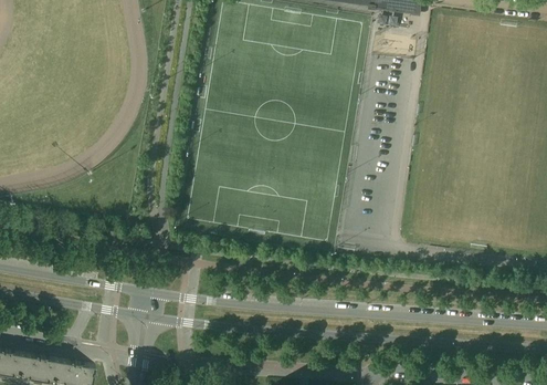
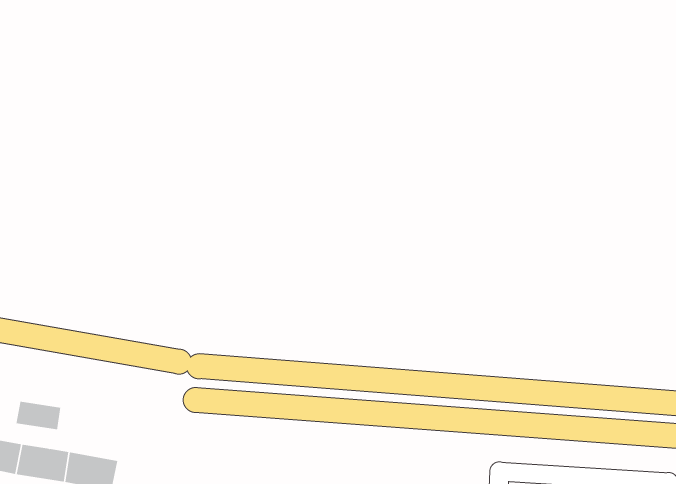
building: none -> [16,401,61,430]

